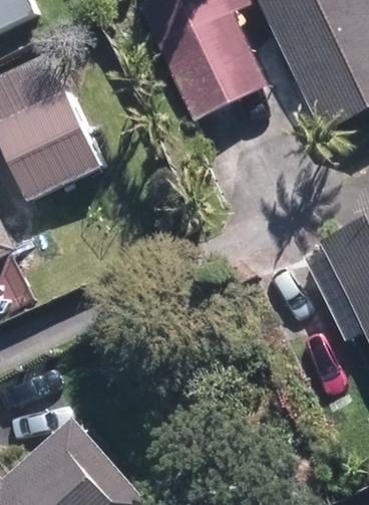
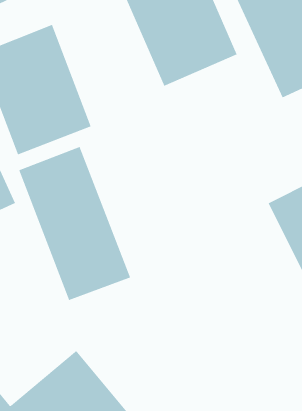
building: none -> [18,146,131,301]

